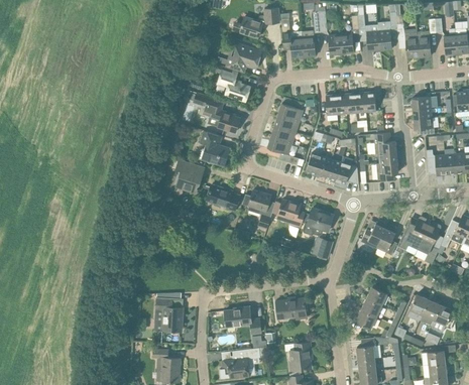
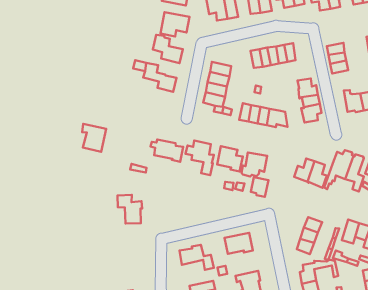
building: [199,130,230,166] -> none
building: [175,160,204,194] -> [82,124,106,152]
building: [155,298,183,332] -> [117,195,142,224]

